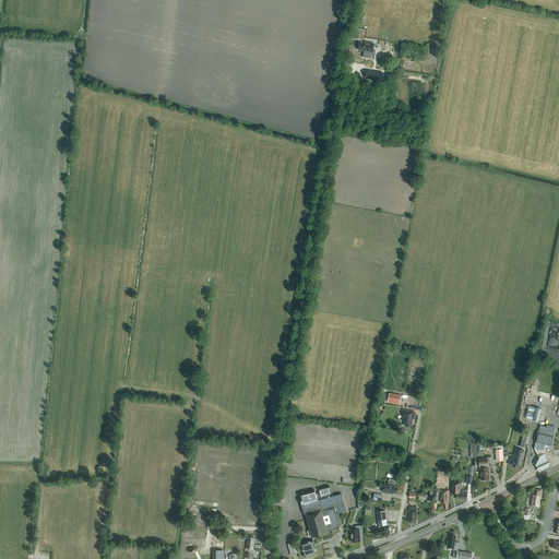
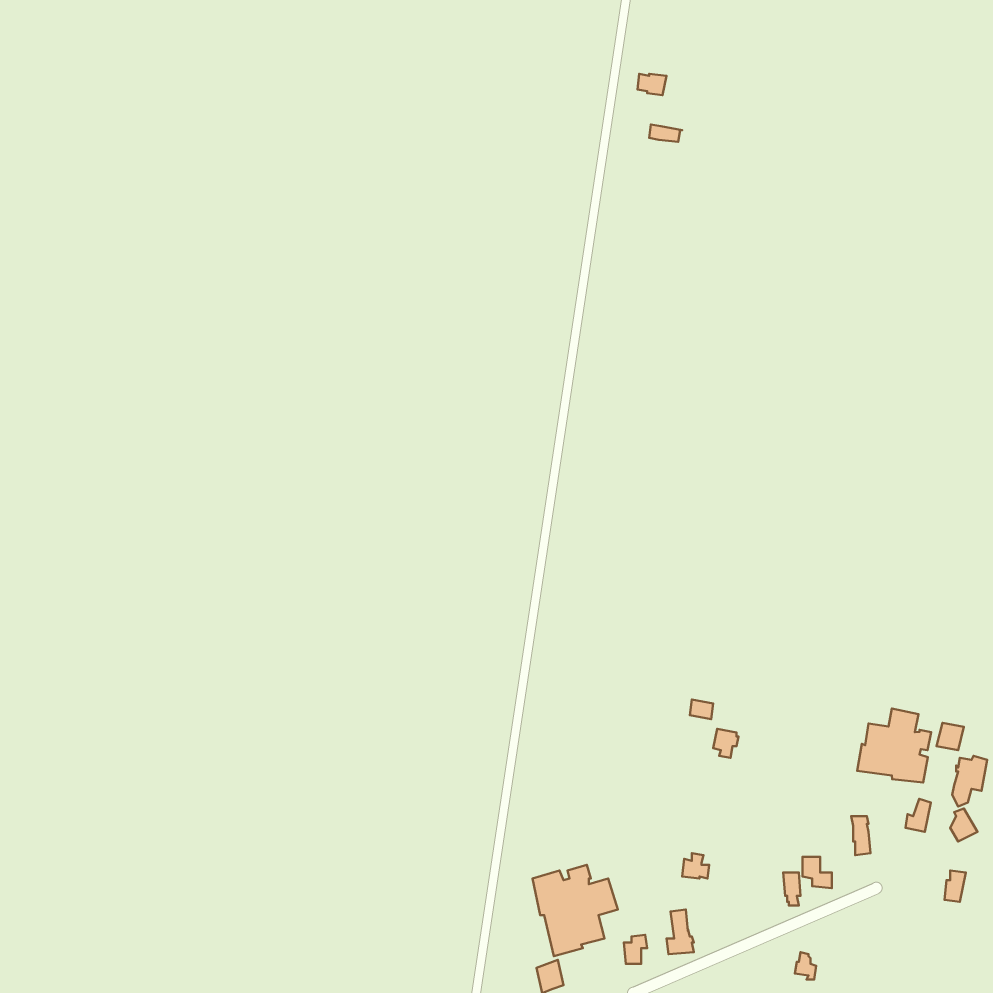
building: none -> [857,709,931,782]

